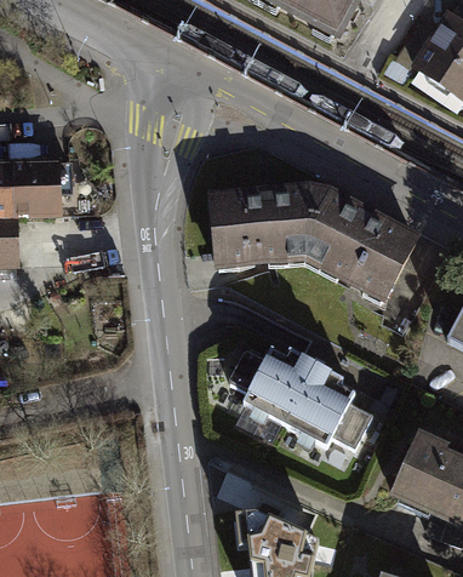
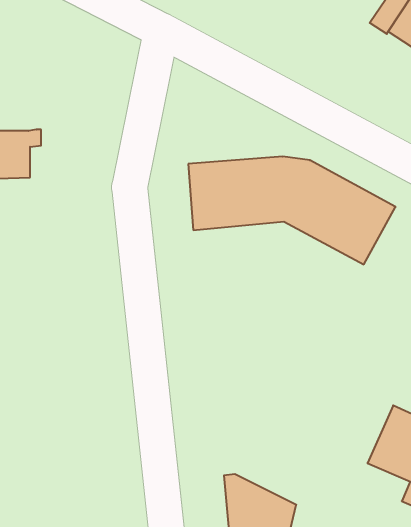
building: [225,348,370,449] -> none

